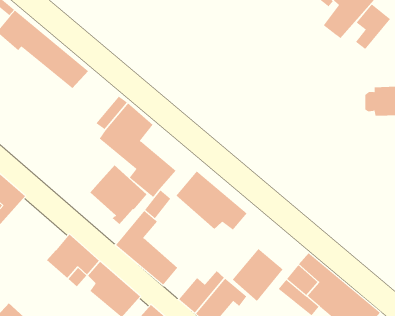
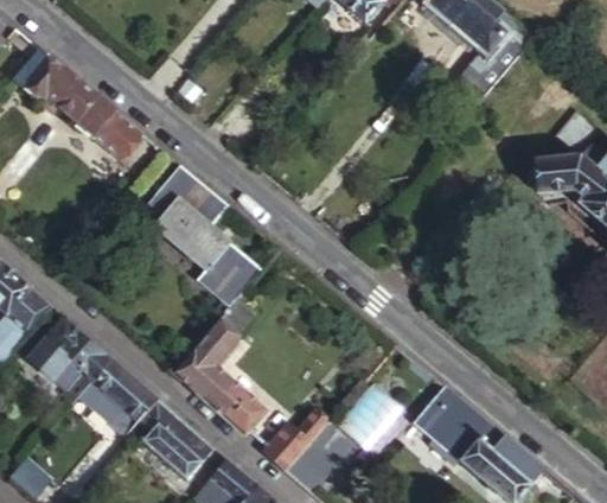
building: [355,3,391,50] -> none
building: [90,165,148,225] -> [31,319,111,403]
building: [175,170,247,230] -> none

